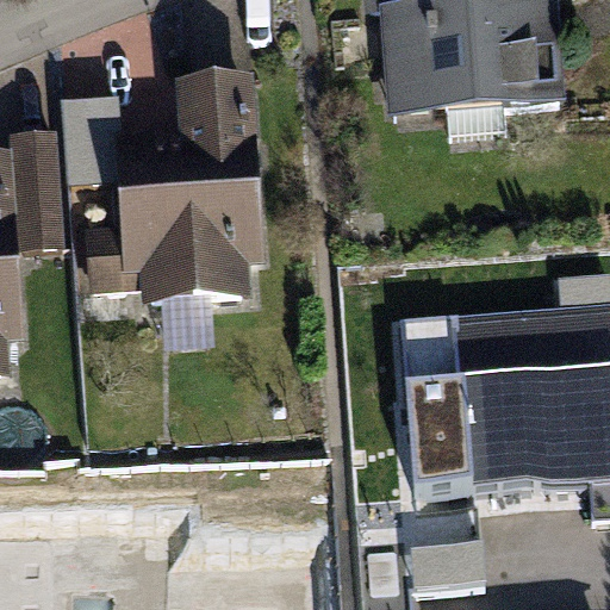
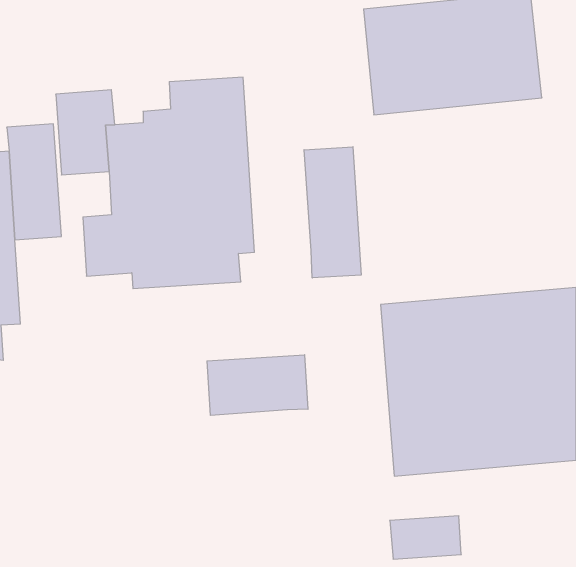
building: none -> [304,147,361,278]
building: none -> [207,355,308,415]

